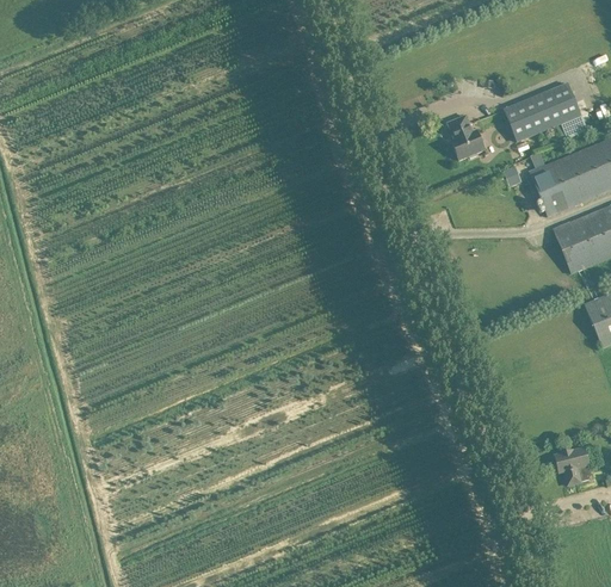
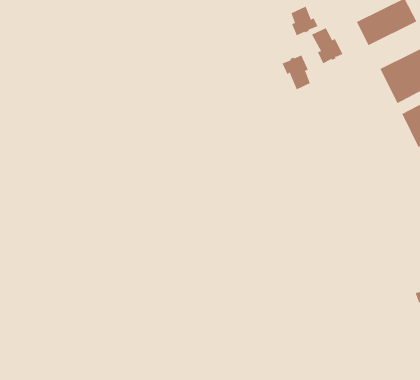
building: none -> [291,6,318,36]
building: none -> [282,54,311,90]

